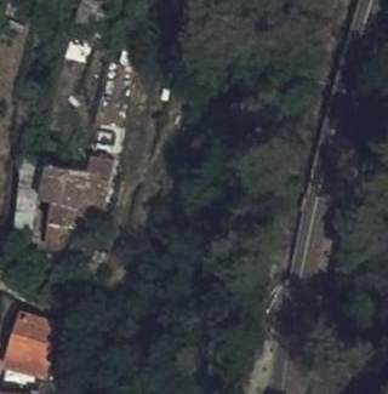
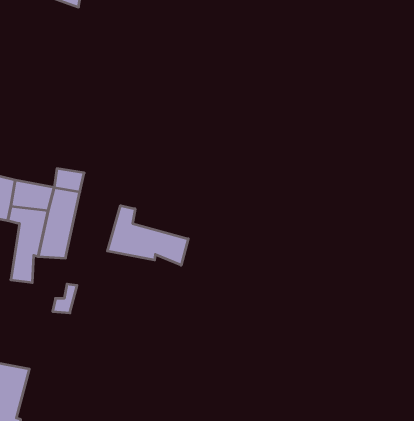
building: none -> [107,206,188,265]

